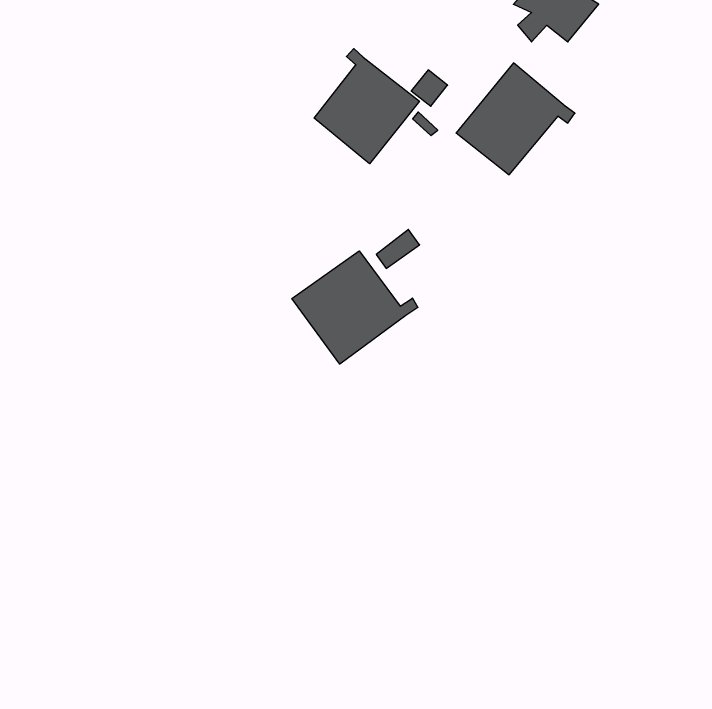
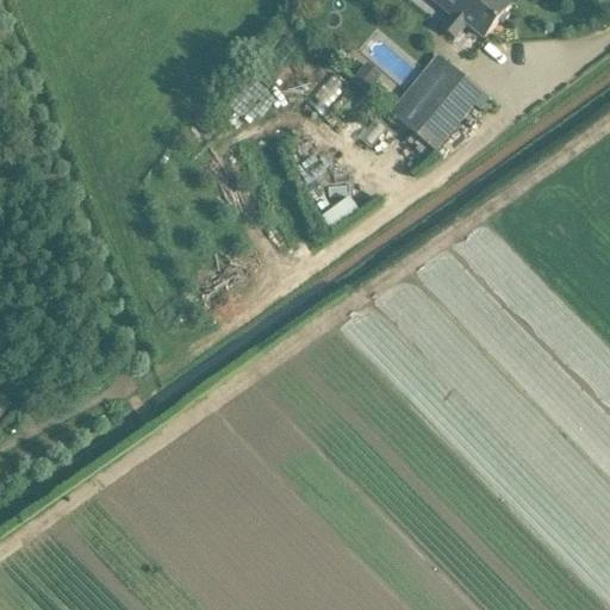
building: [314,49,419,164] -> none
building: [292,251,418,364] -> none

